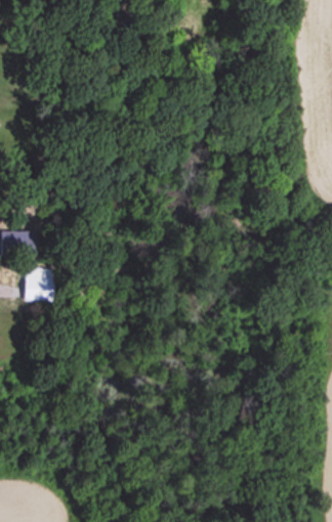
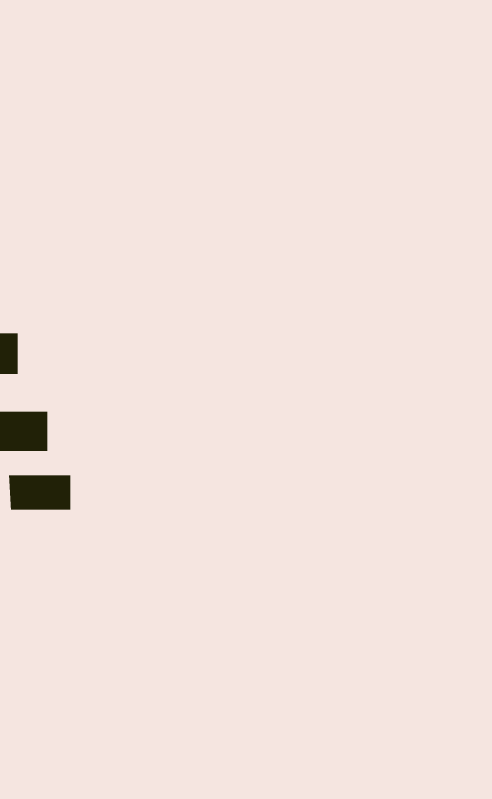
building: none -> [8,474,71,510]

